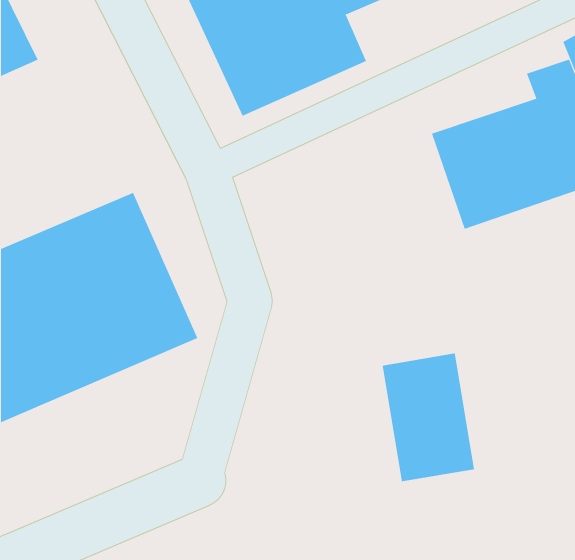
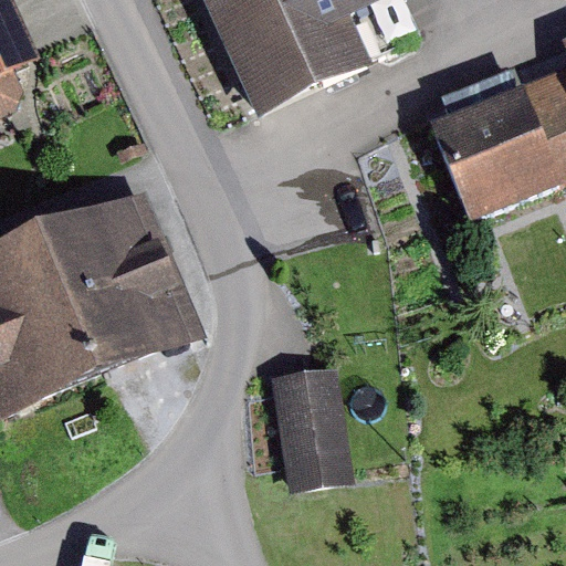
building: [382,353,475,482] -> [270,363,360,489]

